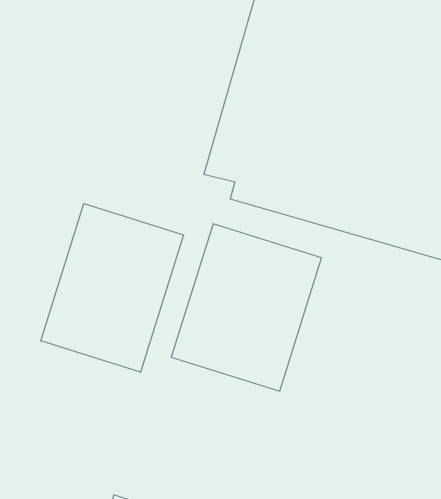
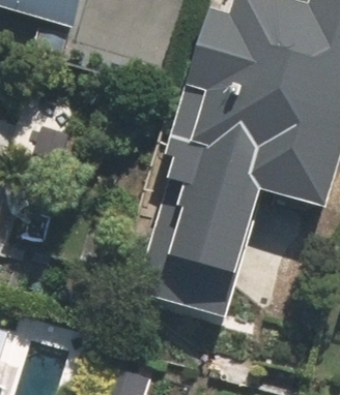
building: [41,204,184,372] -> none

